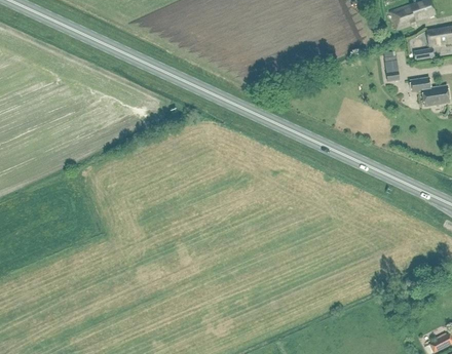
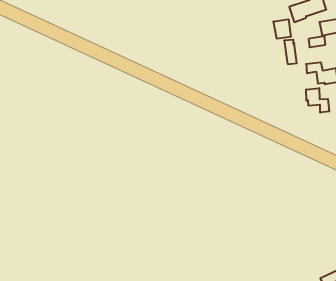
building: none -> [273,19,291,39]
building: none -> [306,88,329,113]

